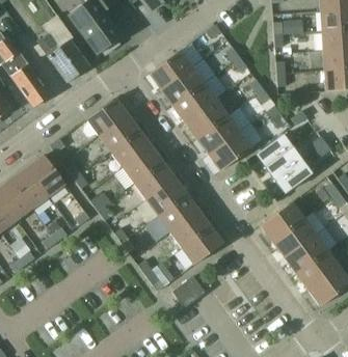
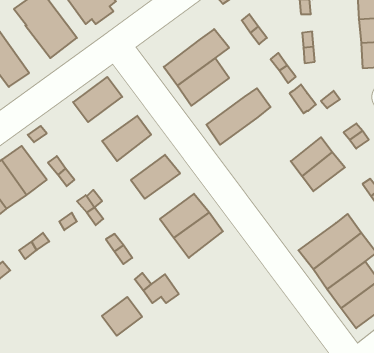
building: [150,51,192,90] -> none
building: [185,100,229,138] -> none
building: [100,115,140,152] -> none
building: [209,123,263,170] -> none
building: [257,135,292,168] -> none
building: [124,146,163,184] -> none
building: [146,179,187,216] -> none
building: [261,202,304,242] -> none
building: [183,226,223,265] -> none
building: [172,276,206,308] -> [102,297,142,336]

